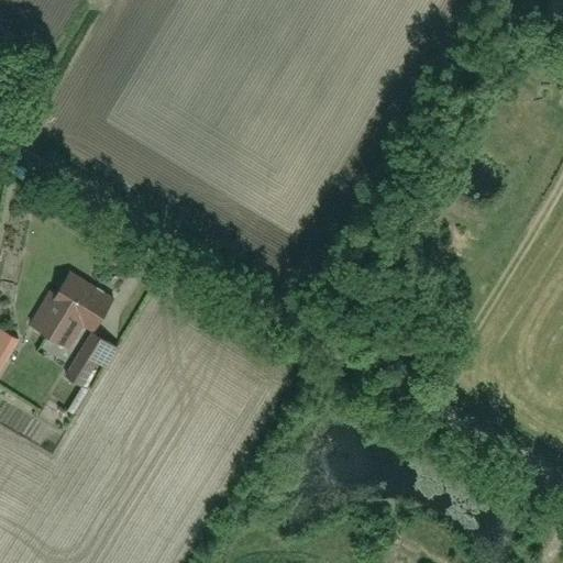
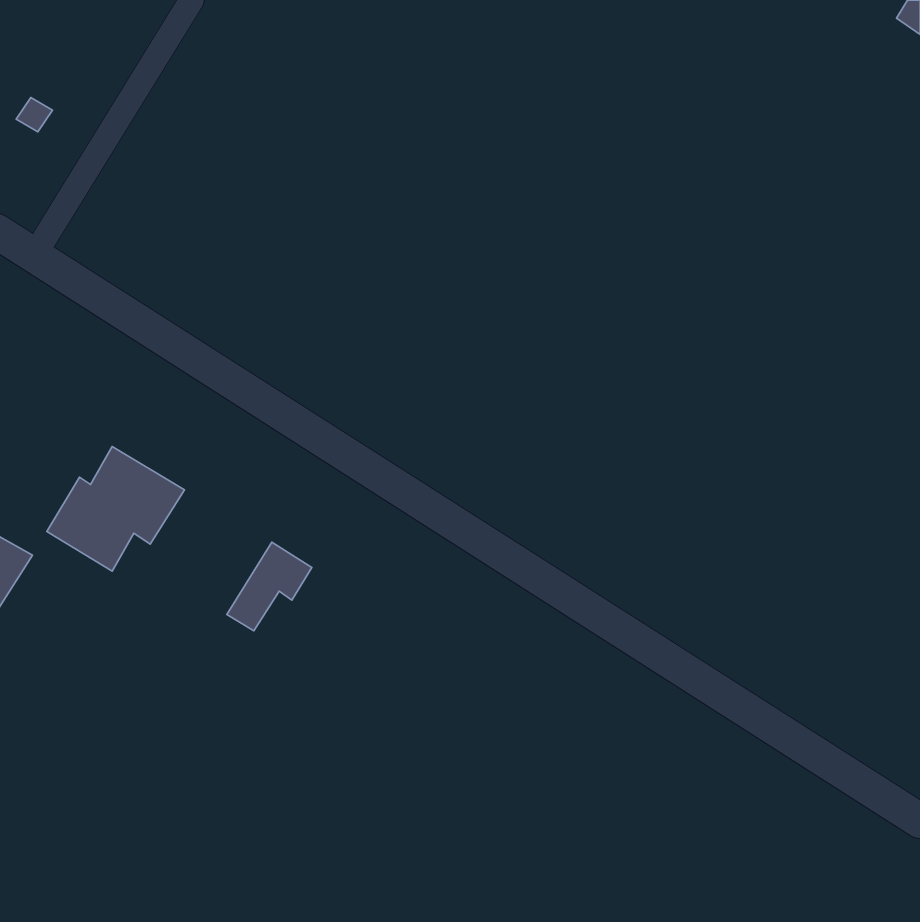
building: [64,332,115,386] -> [227,542,312,631]

